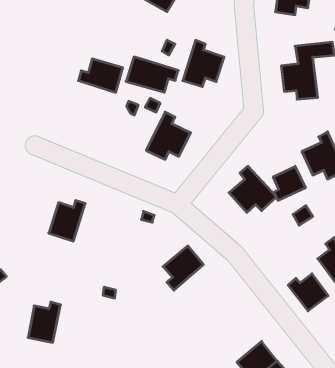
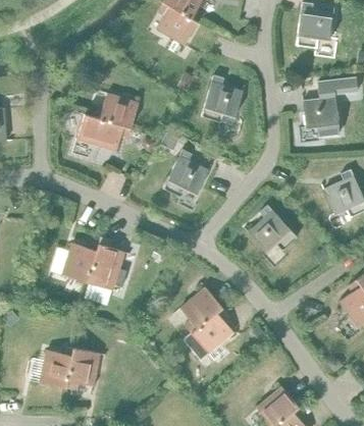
building: [126,57,178,92] -> [77,114,132,151]
building: [273,166,305,200] -> none
building: none -> [88,236,127,290]
building: none -> [184,307,235,360]
building: [288,274,328,311] -> none
building: none -> [66,349,100,389]

